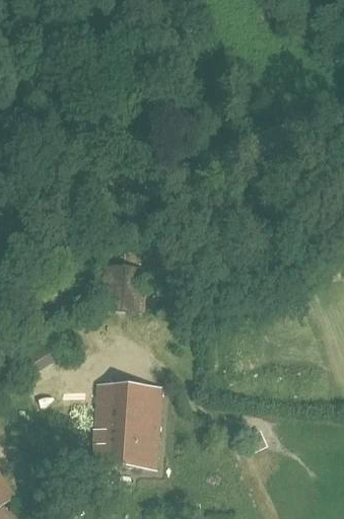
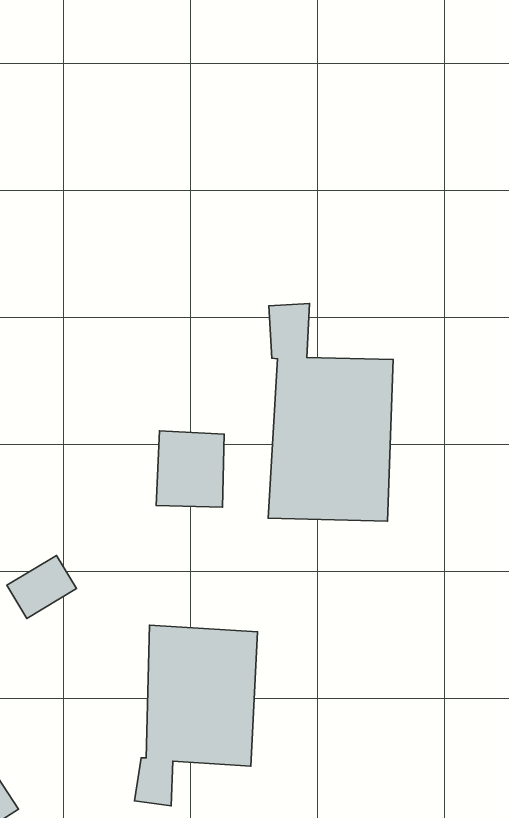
building: none -> [268,304,393,521]

